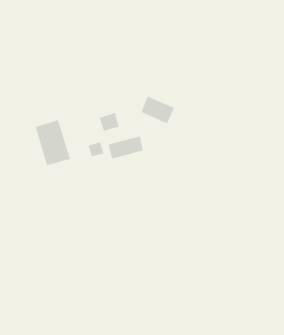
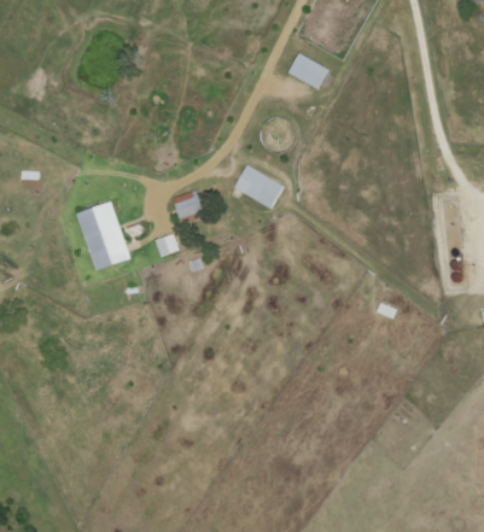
building: none -> [286,53,330,89]
building: [108,136,144,159] -> none

